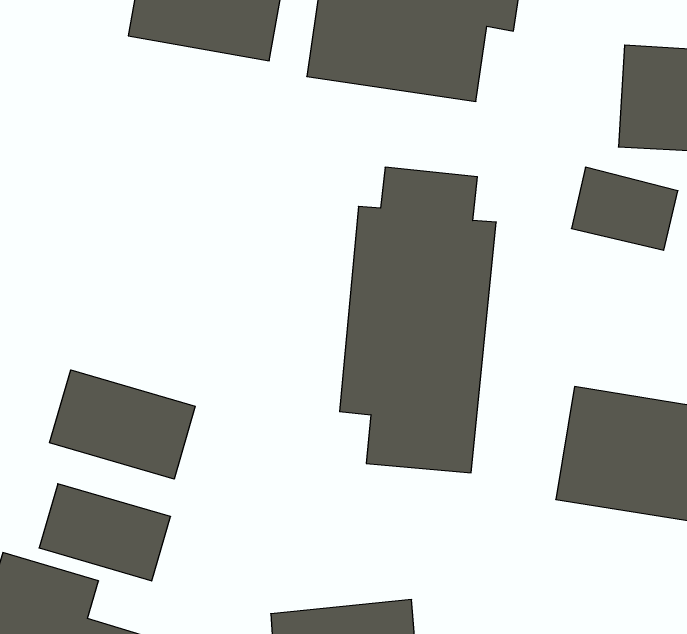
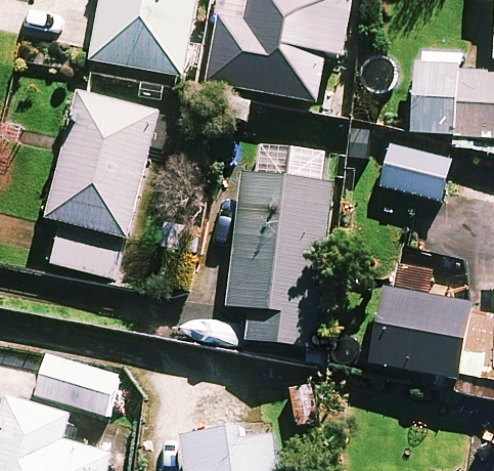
building: none -> [49,93,159,279]
building: [50,370,195,479] -> none

